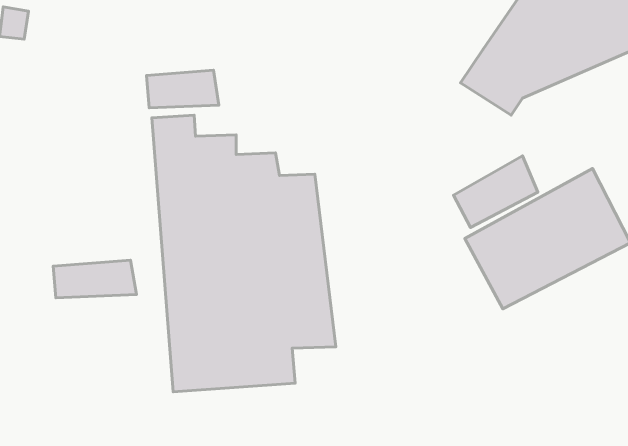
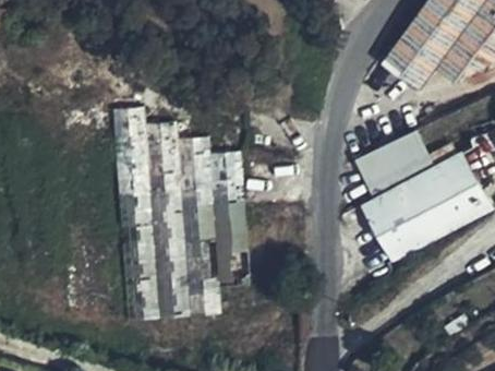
building: [147,70,219,108] -> none
building: [53,260,137,298] -> none

